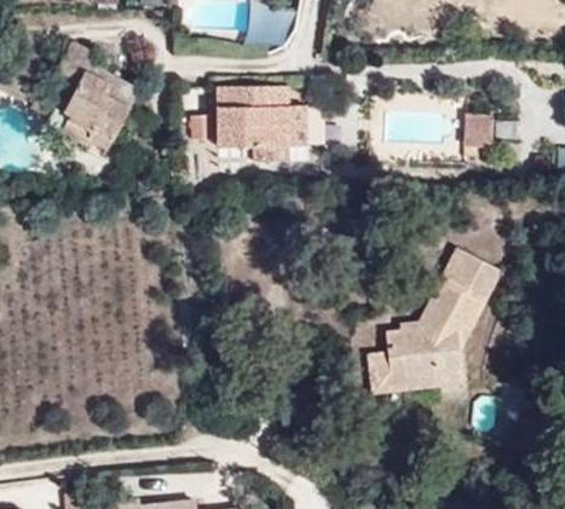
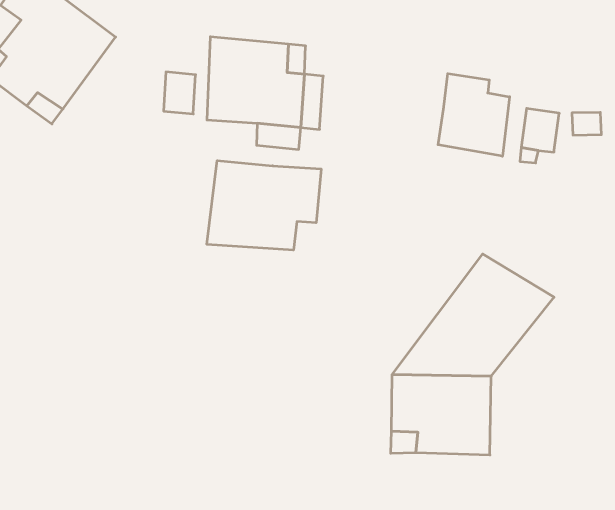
building: none -> [438,74,510,156]
building: none -> [207,161,321,250]

